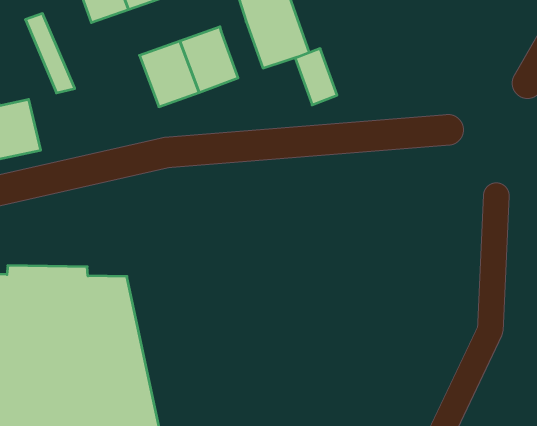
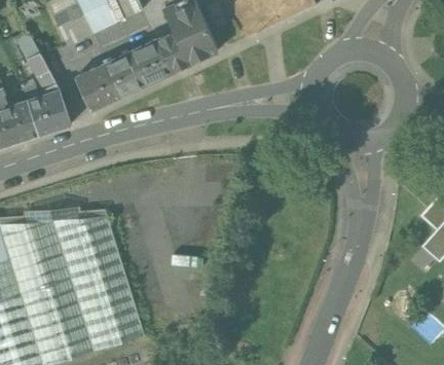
building: [295,49,337,105] -> [157,34,188,73]
building: none -> [75,64,119,111]
building: none -> [23,80,71,135]

